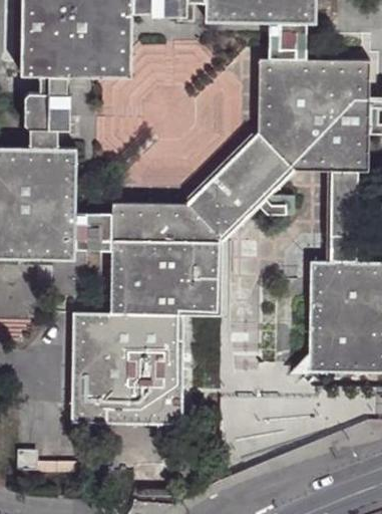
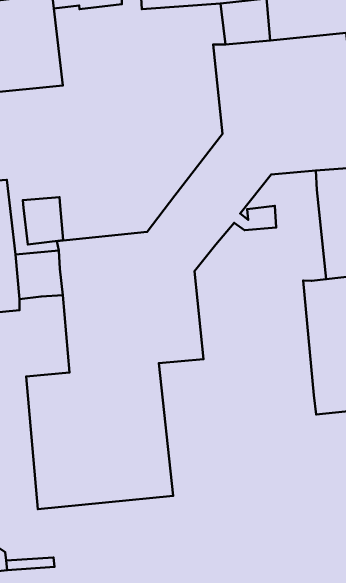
building: none -> [23,197,63,245]

